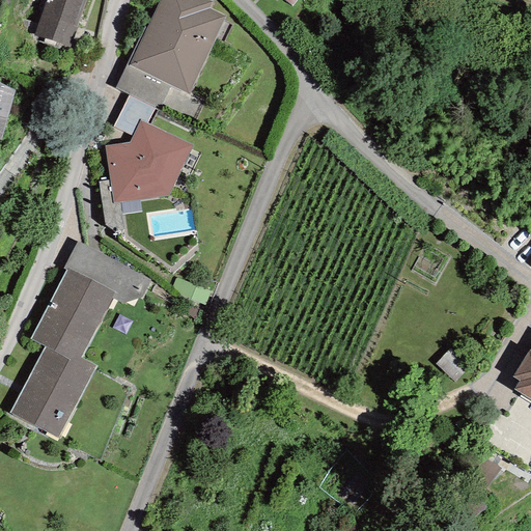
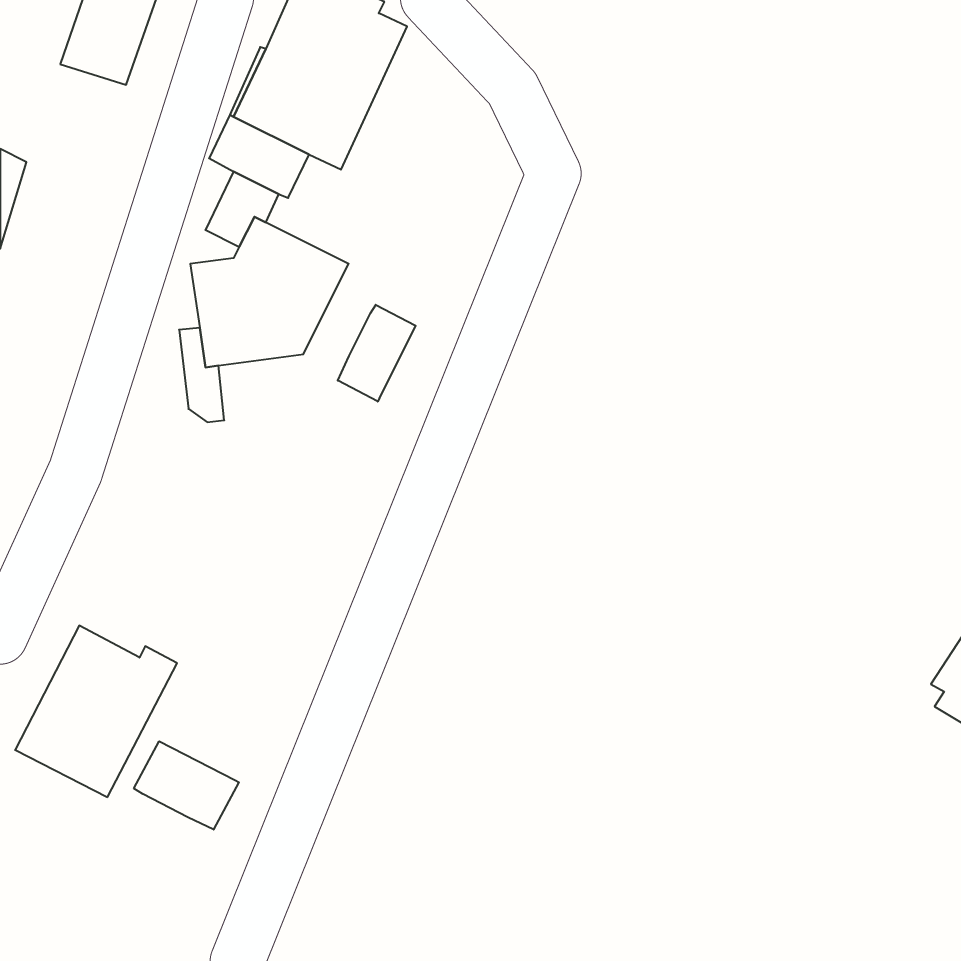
building: none -> [338,305,416,402]
building: [31,242,151,362] -> none
building: none -> [134,741,239,830]

